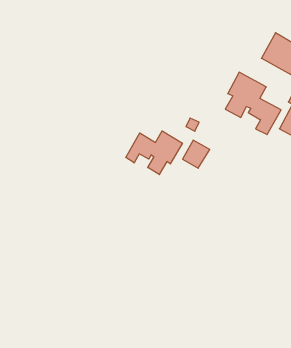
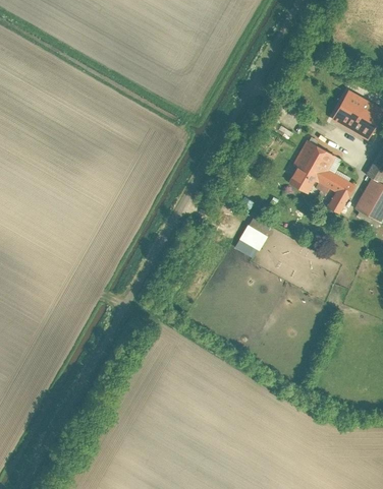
building: [126,131,182,175] -> none

